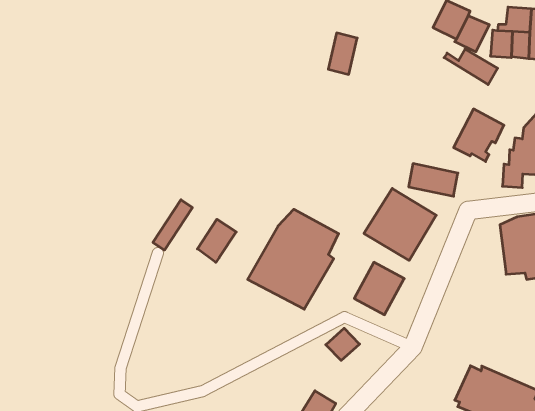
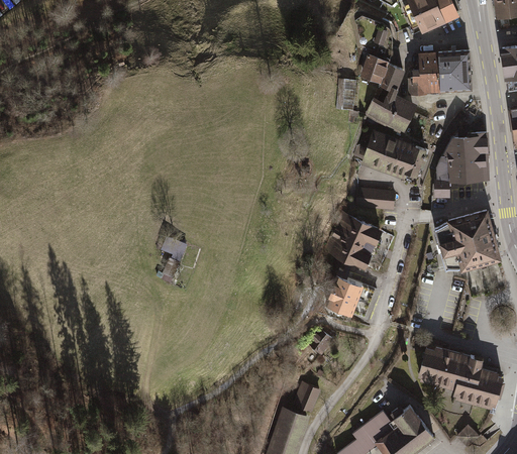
building: [328,33,357,74] -> [336,80,356,112]
building: none -> [365,100,410,133]
building: none -> [359,128,401,172]
building: [248,209,339,309] -> none
building: [197,219,236,262] -> none

